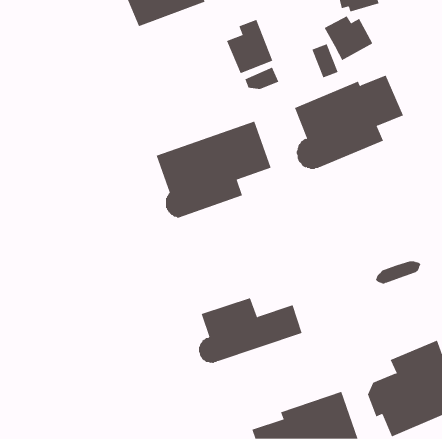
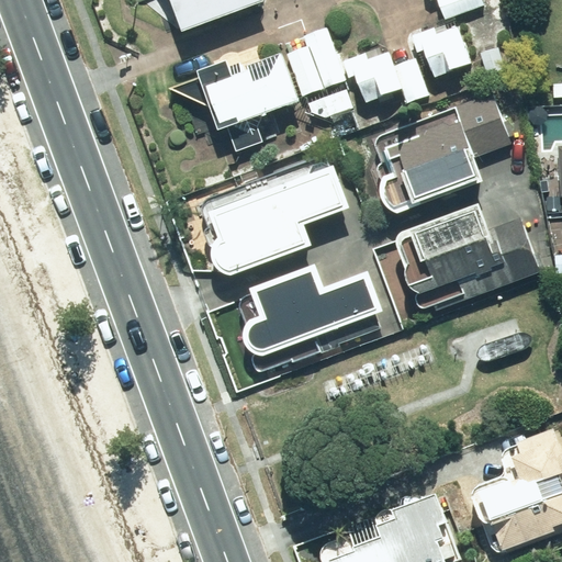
building: none -> [344,49,403,103]
building: none -> [170,58,297,149]
building: none -> [390,207,546,314]
building: [198,297,303,363] -> [248,271,380,355]

